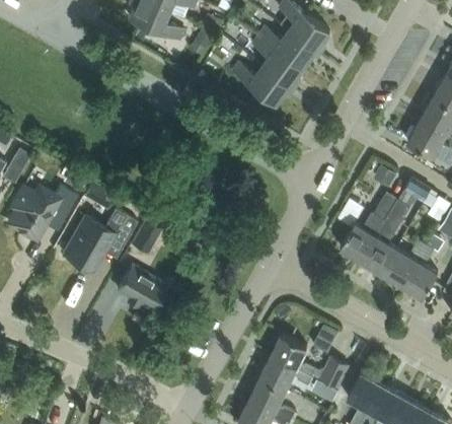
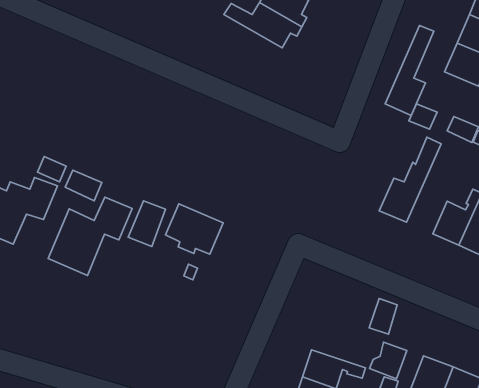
building: [361,201,408,274] -> [385,26,434,115]
building: [118,266,166,310] -> [165,204,223,254]
building: [270,335,316,377] -> none

